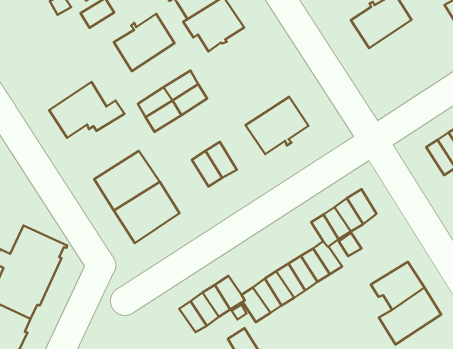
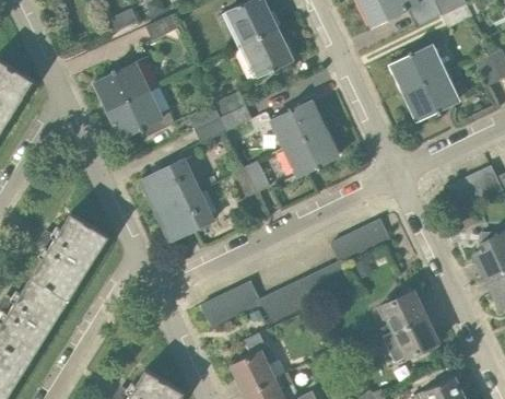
building: [114,14,174,71] -> [94,62,149,112]
building: none -> [403,71,459,120]
building: none -> [270,99,326,148]

